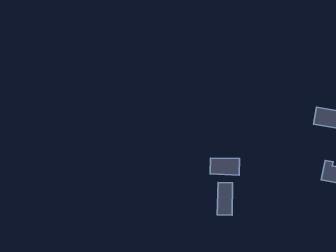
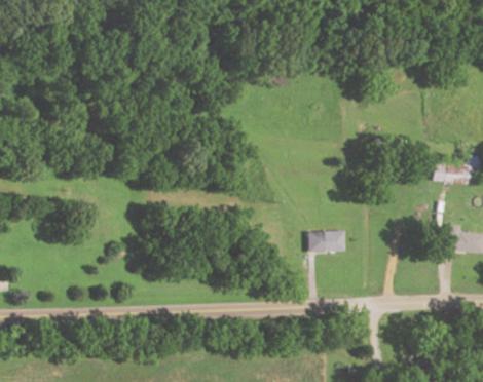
building: [217,182,232,215] -> none

